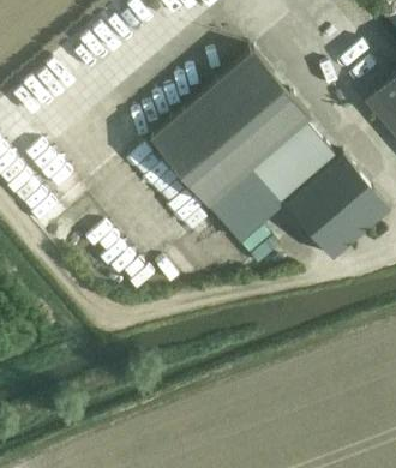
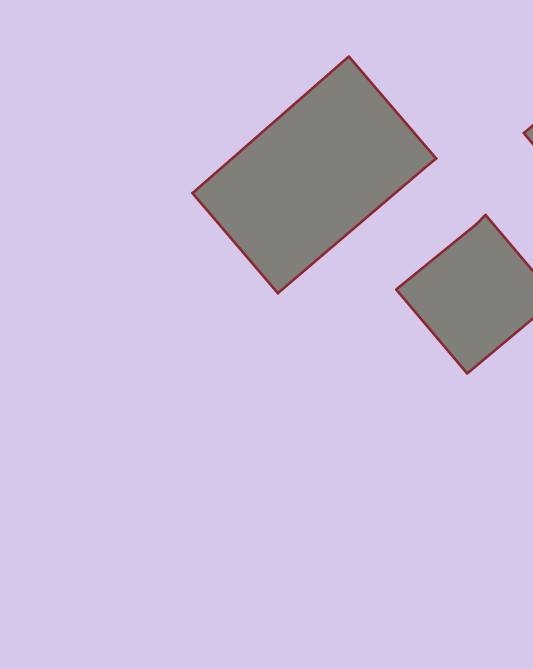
building: [205,121,336,242] -> none

